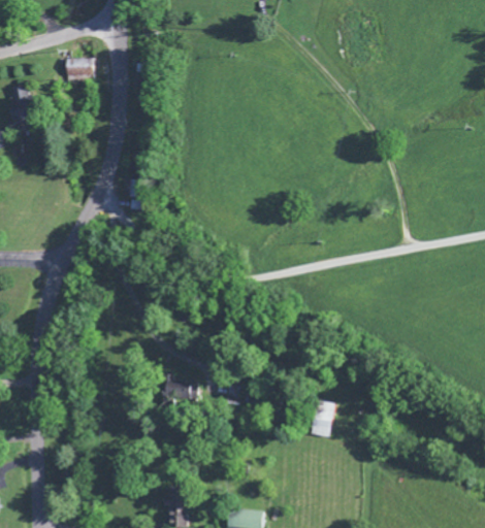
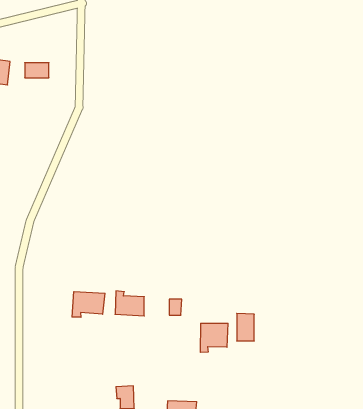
building: [67,58,97,76] -> [25,63,49,78]
building: none -> [72,292,105,317]
building: none -> [200,323,228,352]

